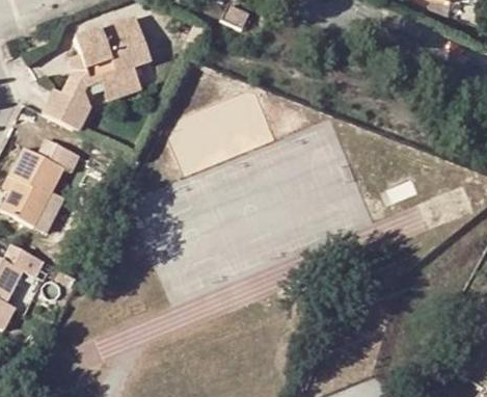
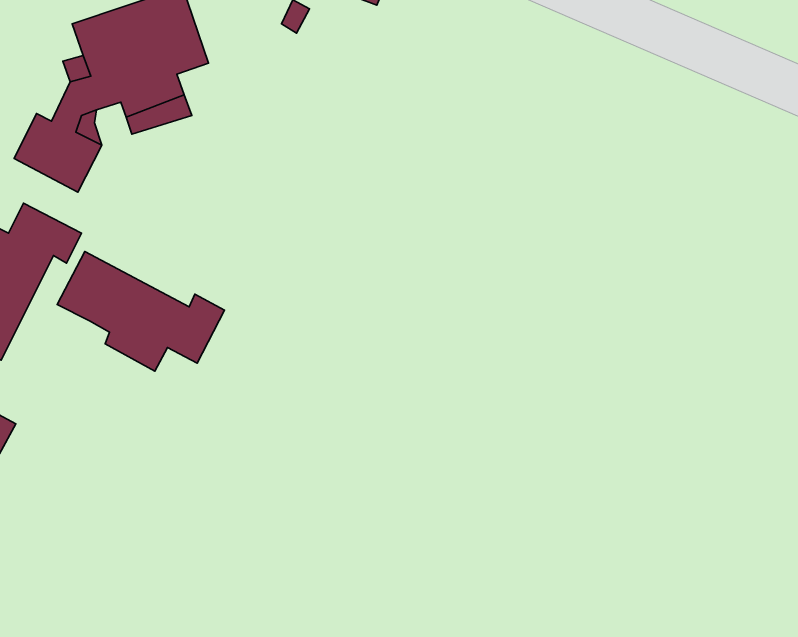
building: none -> [57,251,225,371]

